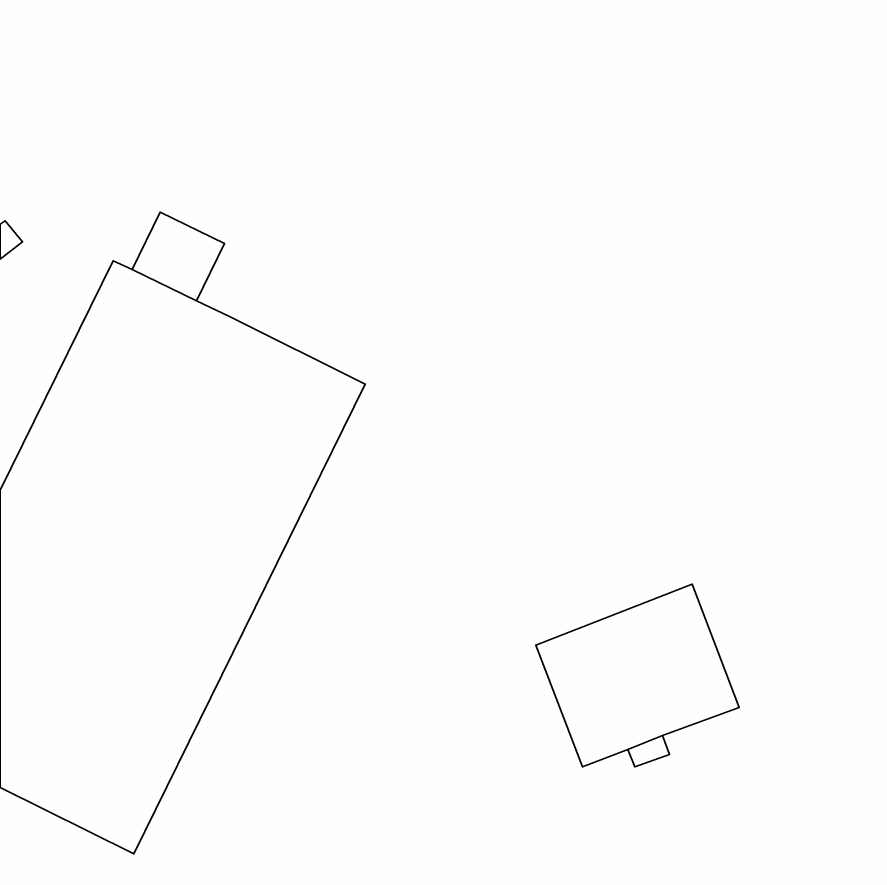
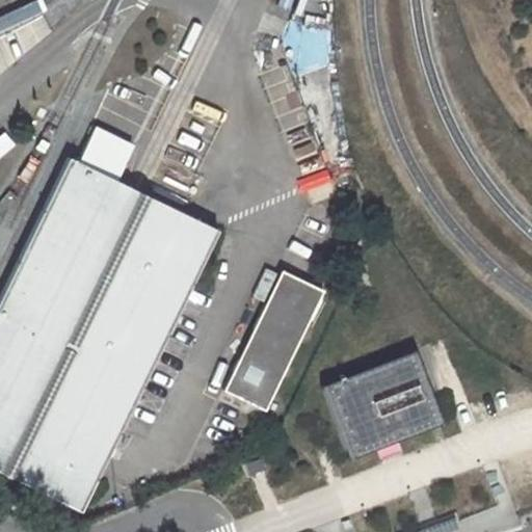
building: none -> [223,272,323,411]

